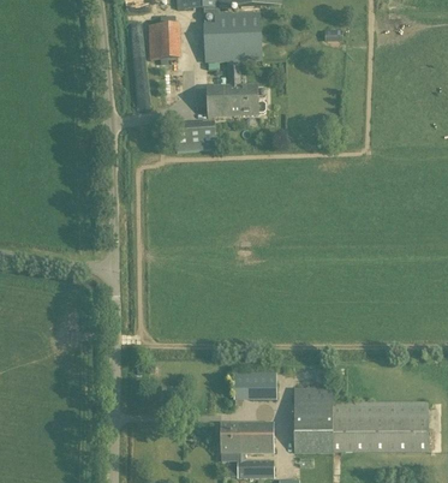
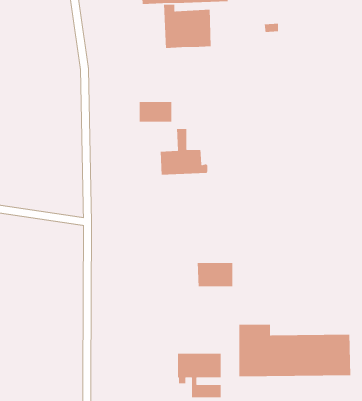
building: [148,16,179,59] -> none
building: [207,59,264,115] -> [160,128,208,175]
building: [232,369,275,399] -> [197,262,233,287]

